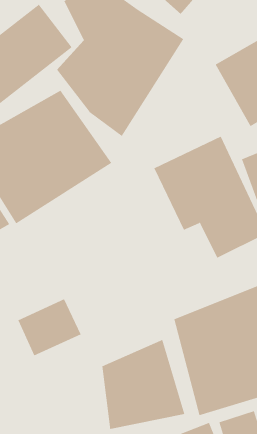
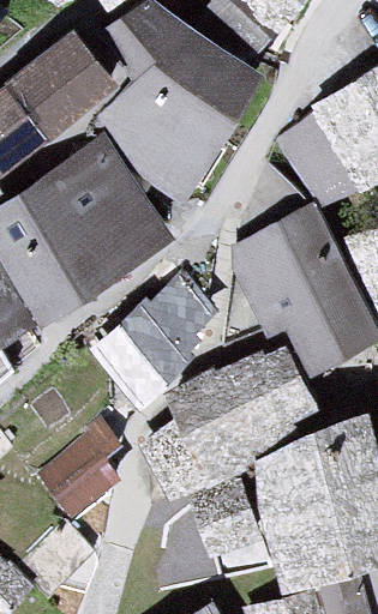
building: none -> [89,272,216,402]
building: none -> [142,336,316,499]

